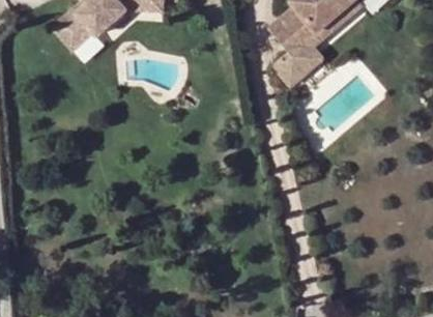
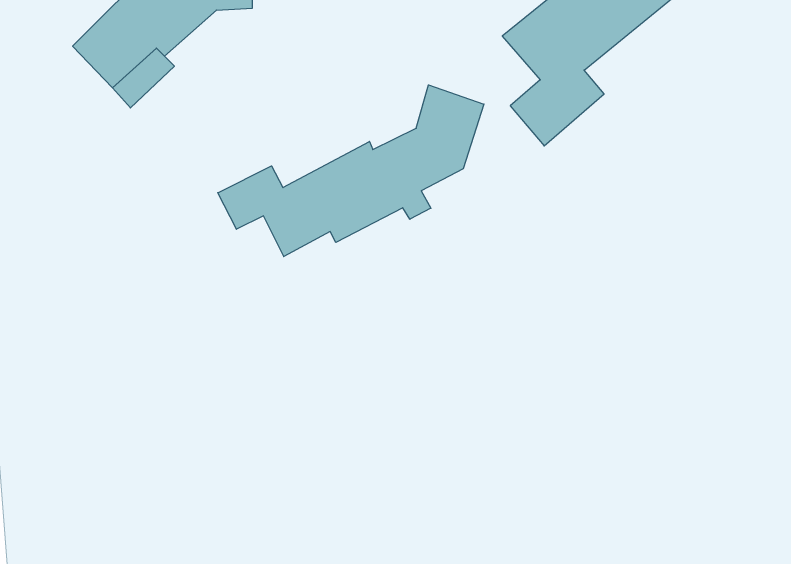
building: none -> [218,85,484,257]

